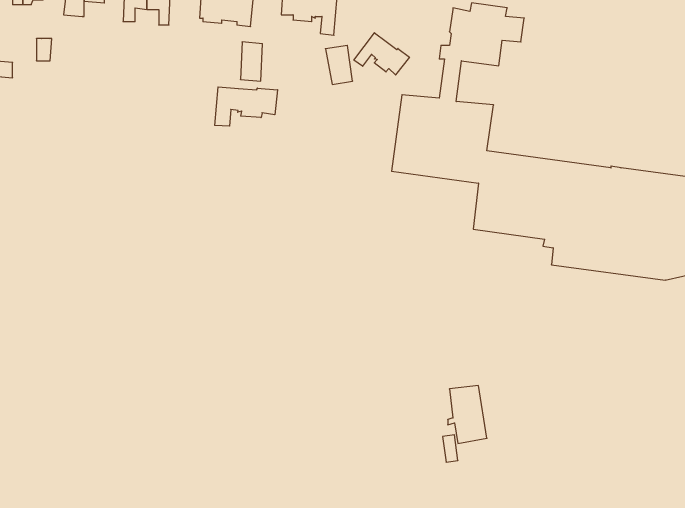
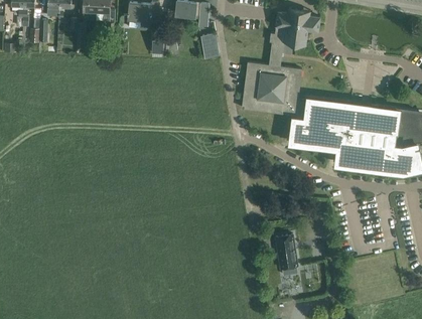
building: [354,33,409,75] -> none
building: [215,87,278,126] -> none

